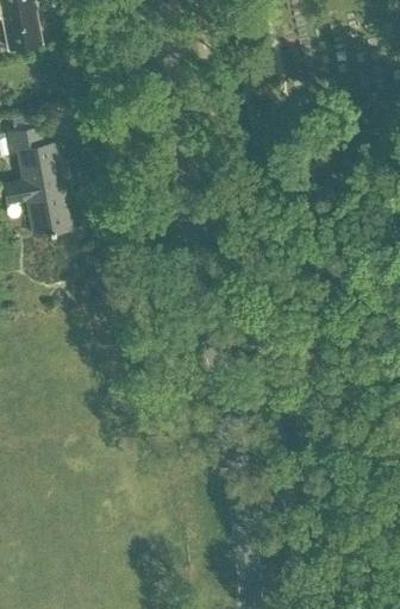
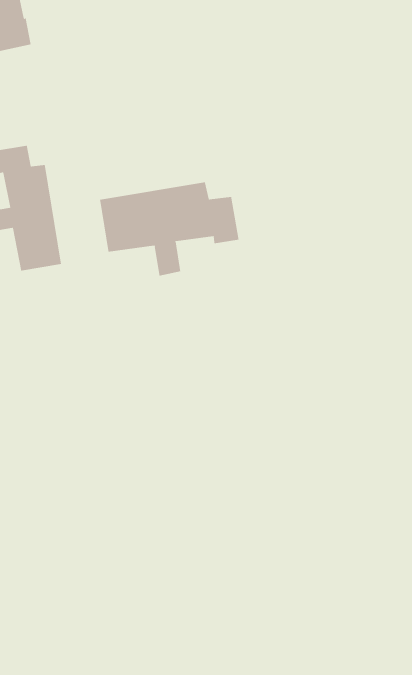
building: none -> [99,182,239,276]

